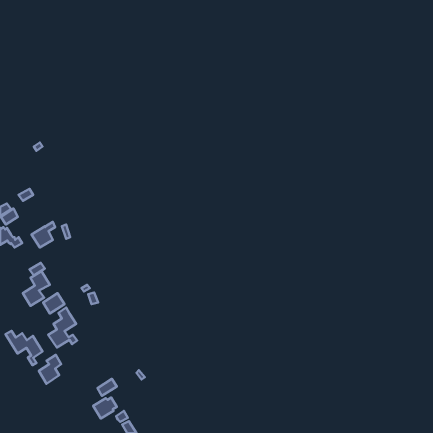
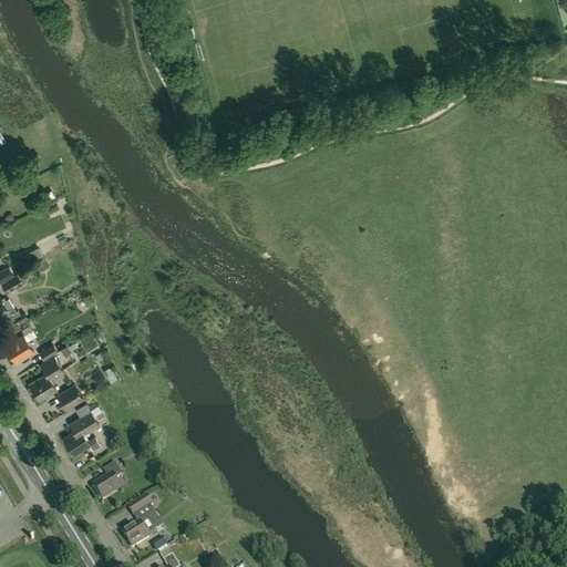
building: [32,222,55,247] -> [6,329,37,362]
building: [5,331,42,365] -> none
building: [39,355,61,384] -> [93,463,122,501]

